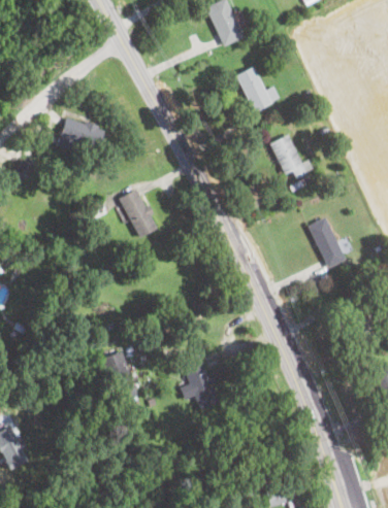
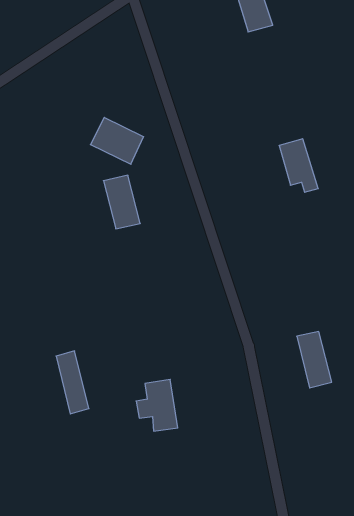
building: [235,68,280,113] -> none
building: [59,116,104,154] -> [90,117,144,164]
building: [309,217,346,268] -> [297,332,332,388]

